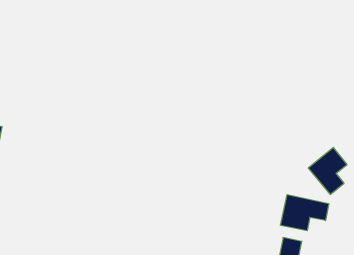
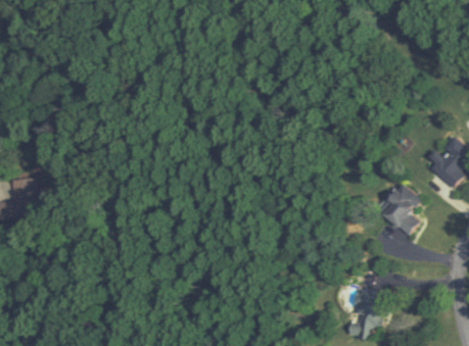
building: [281,195,329,231] -> none

